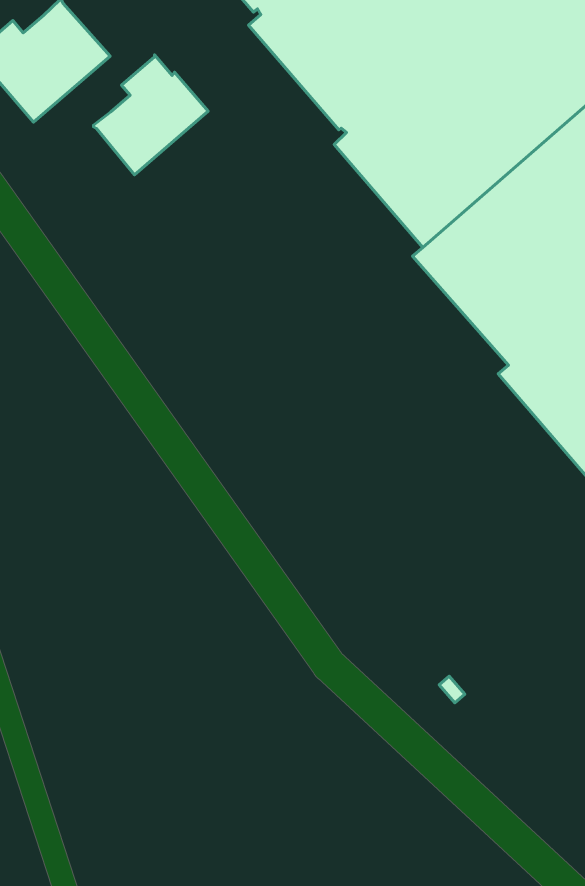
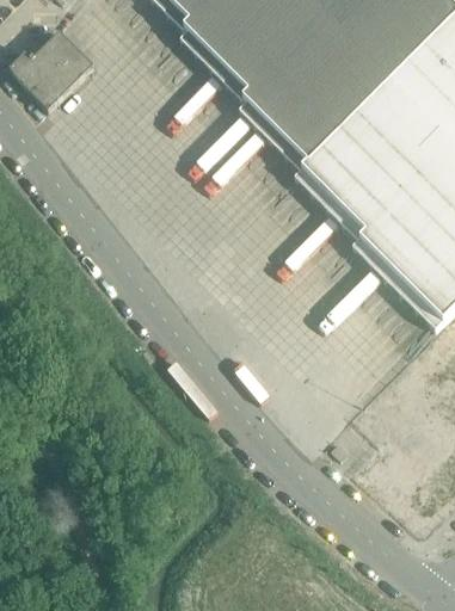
building: [93,55,208,175] -> none

